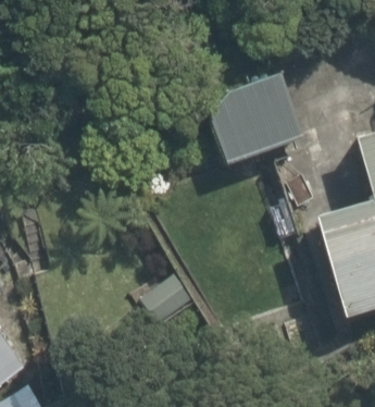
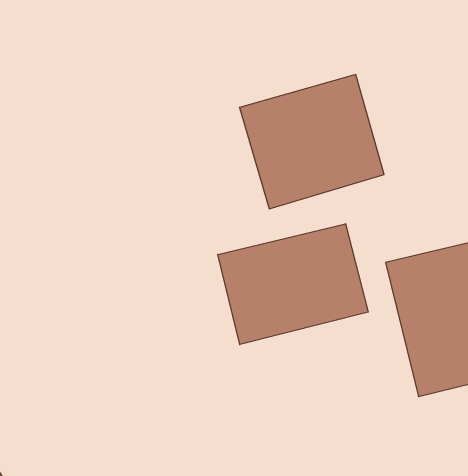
building: none -> [218,224,368,345]

